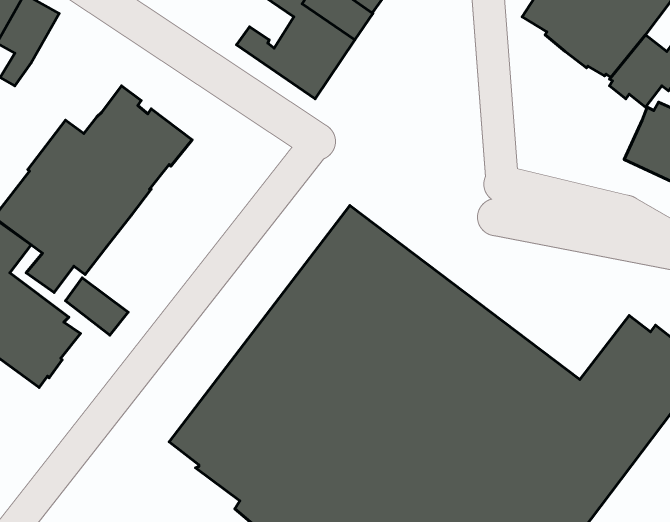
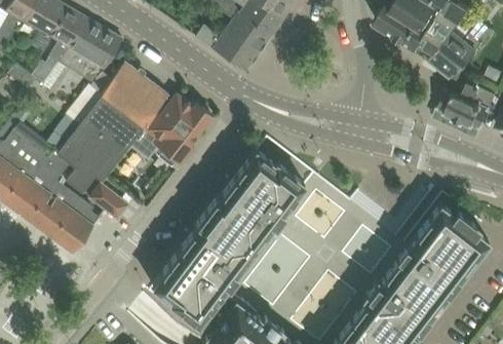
building: none -> [57,17,121,84]
building: none -> [130,95,210,163]

